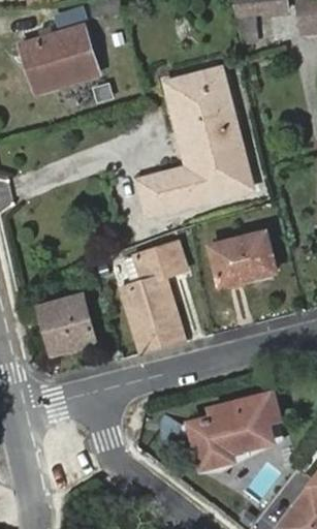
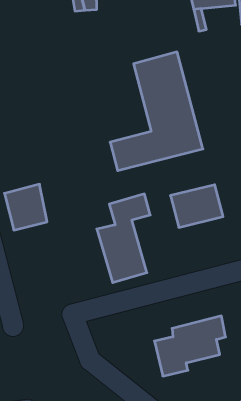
building: [25,25,99,91] -> none
building: [42,295,95,352] -> [4,184,47,230]

